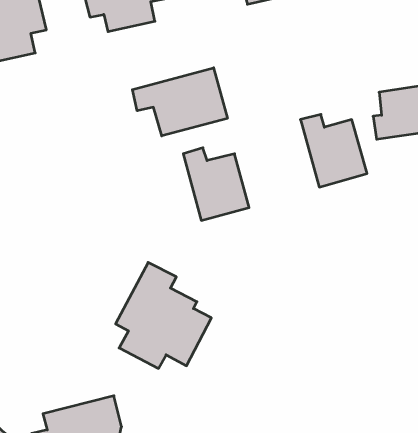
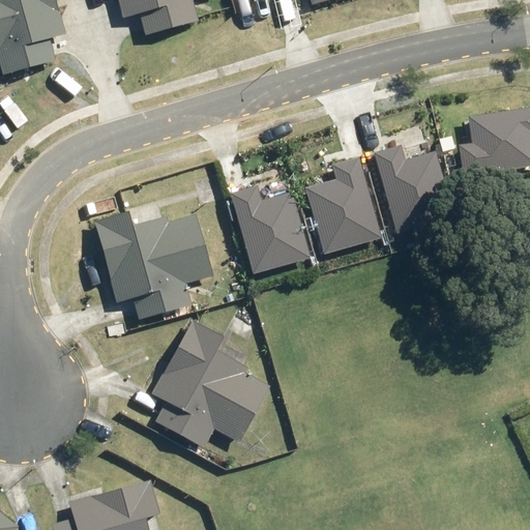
building: [132,68,227,136] -> none
building: none -> [305,153,382,251]
building: none -> [90,202,212,324]

